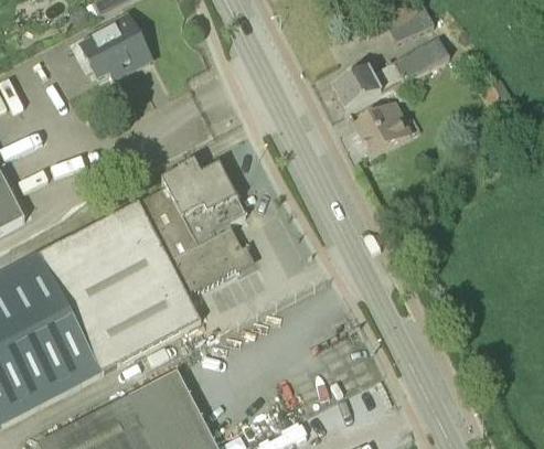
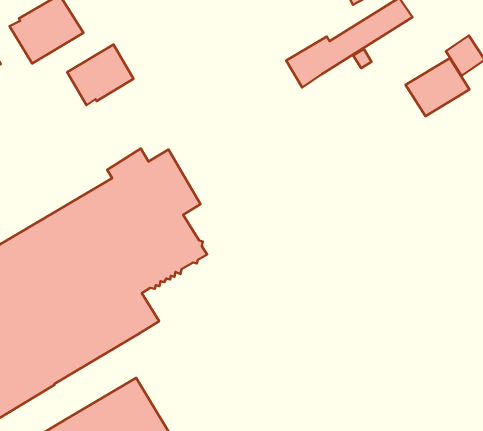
building: none -> [67,44,133,105]
building: [354,103,413,154] -> [406,58,470,116]

